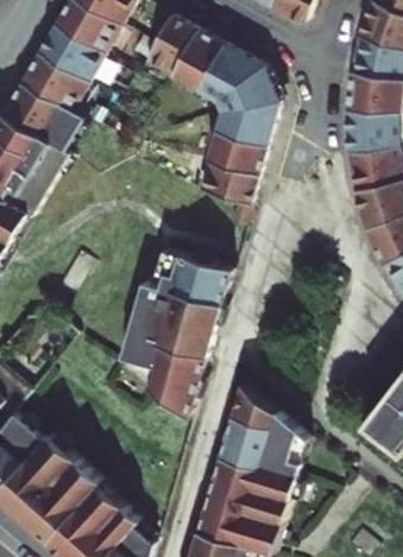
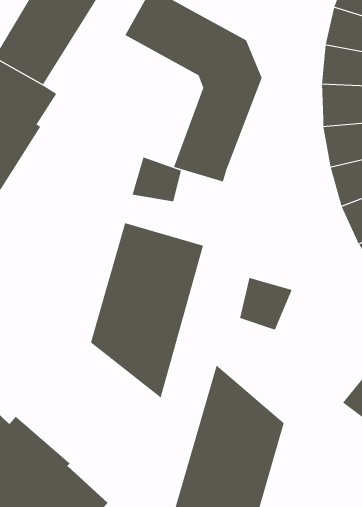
building: none -> [132,156,182,202]
building: none -> [240,277,292,330]

